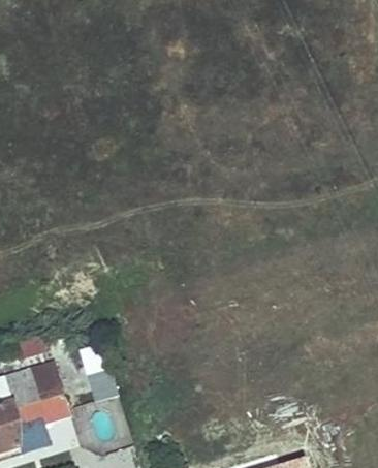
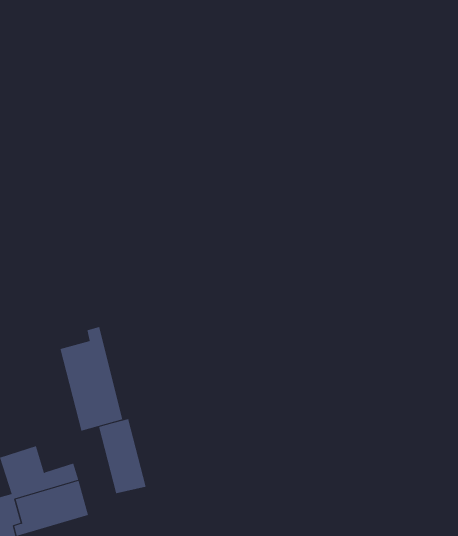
building: none -> [60,326,123,431]

